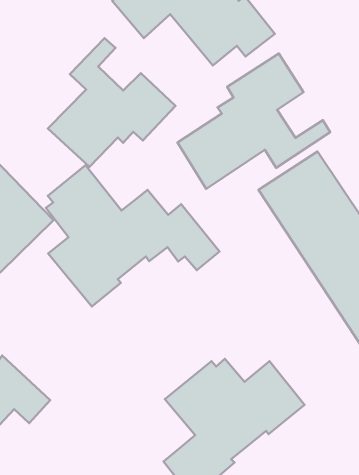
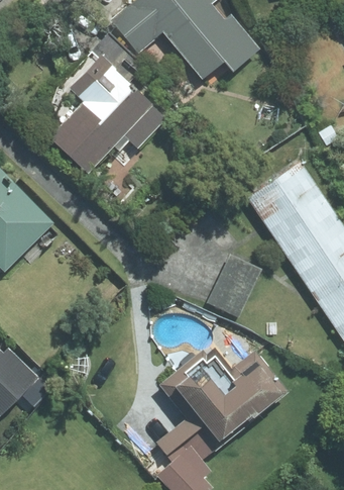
building: [178,53,330,189] -> none
building: [46,165,219,306] -> none
building: none -> [207,254,262,318]

